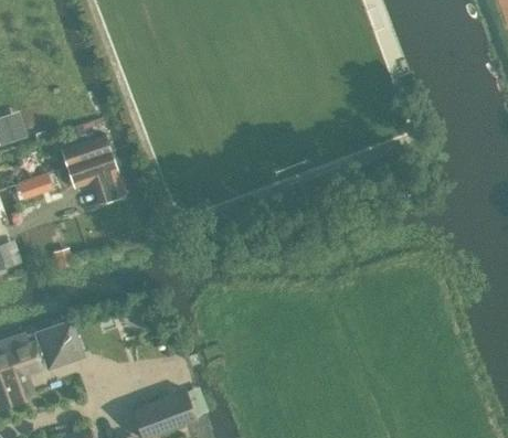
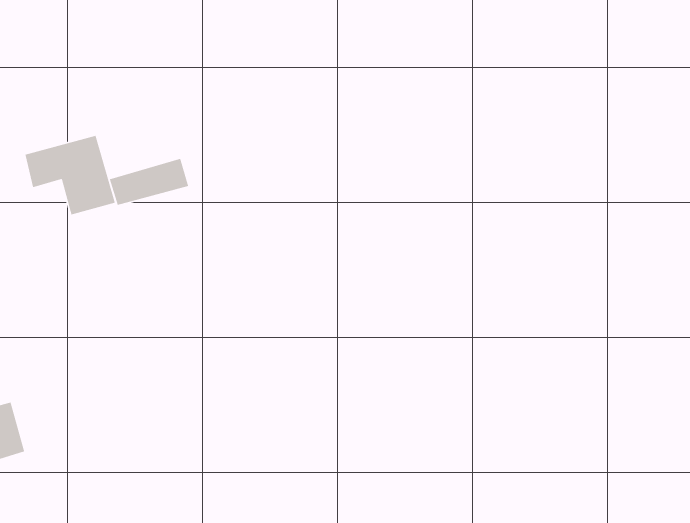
building: [60,135,110,168] -> [109,158,189,206]

